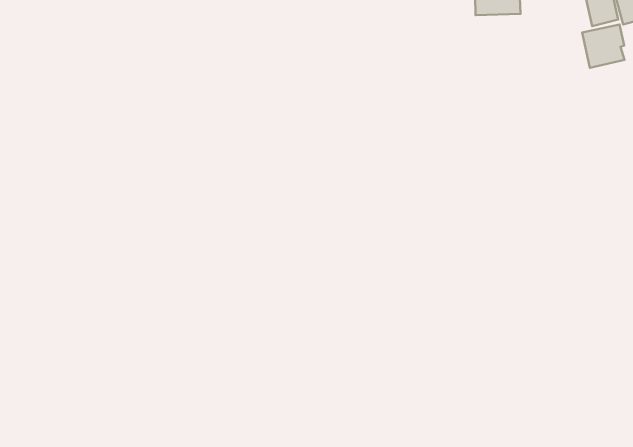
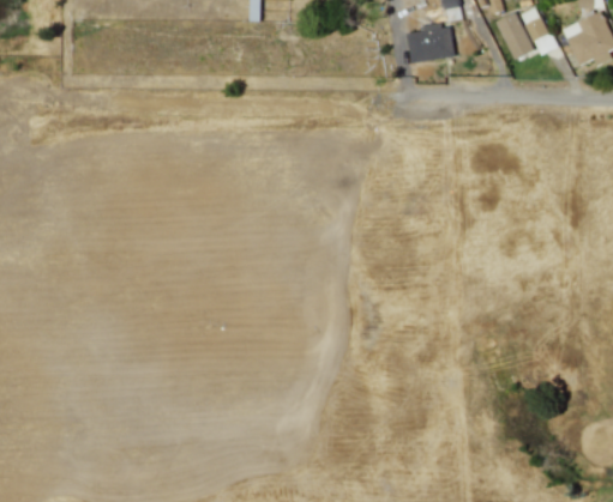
building: [582,25,625,68] -> none

